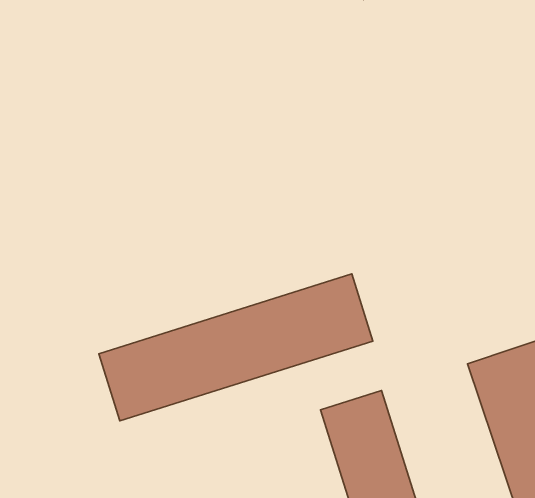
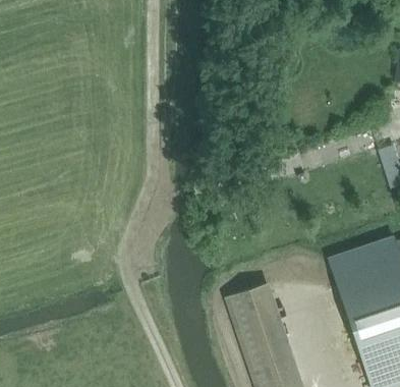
building: [99,274,373,421] -> none

